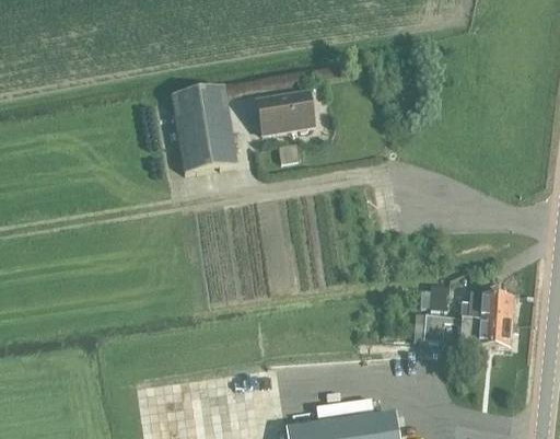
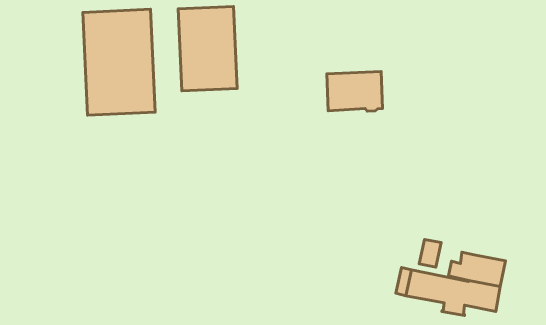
building: [257,89,314,132] -> [327,71,382,111]
building: none -> [83,9,155,115]

